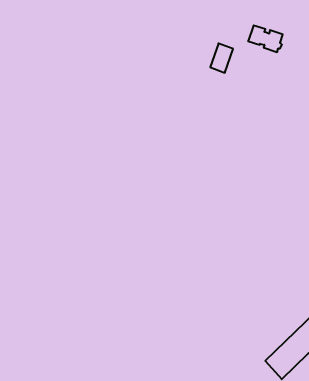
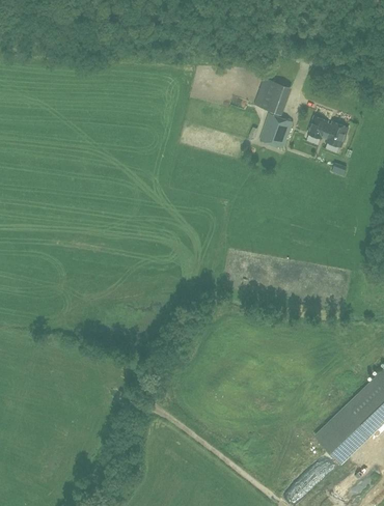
building: [248,25,283,52] -> [308,116,348,146]
building: none -> [260,113,293,147]

